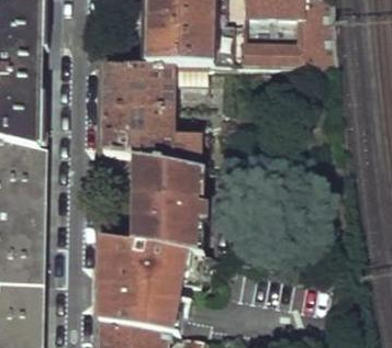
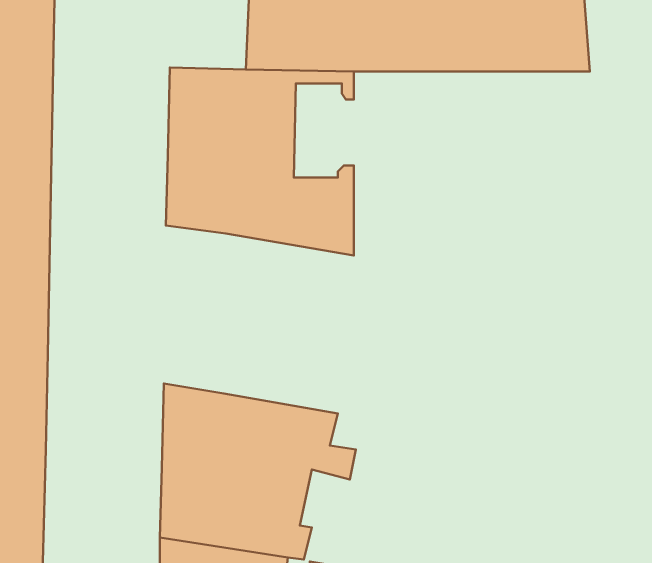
building: [132,157,203,257] -> none

